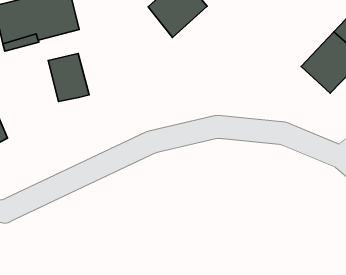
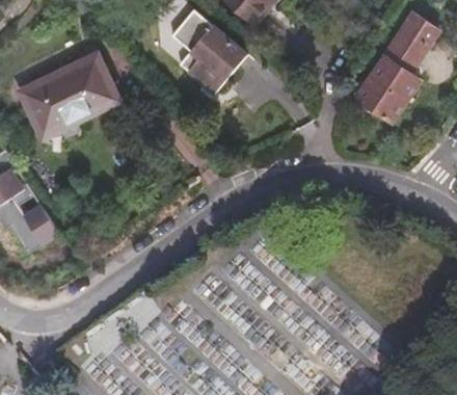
building: [48,54,89,102] -> none

